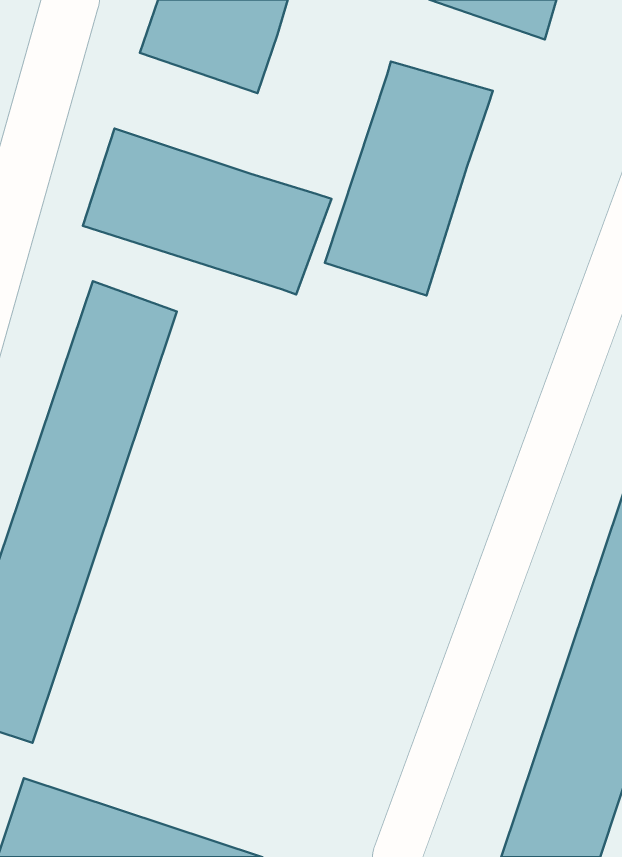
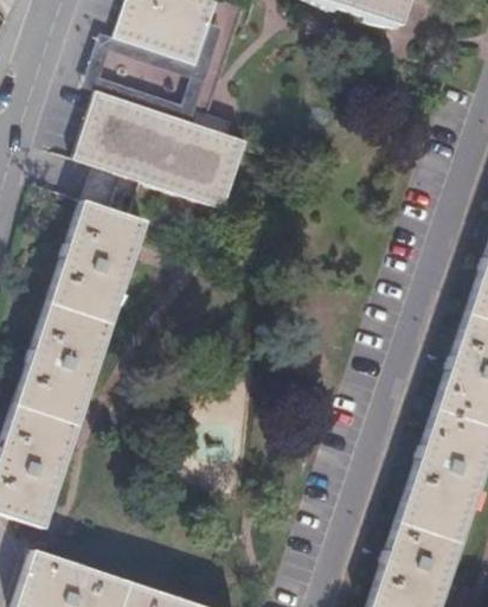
building: none -> [85,25,226,123]
building: [325,62,493,295] -> none

